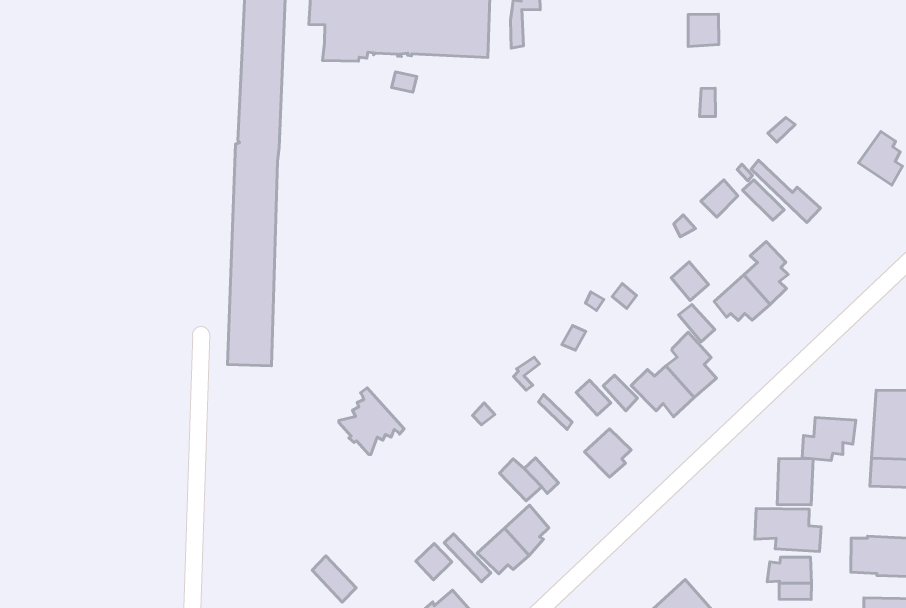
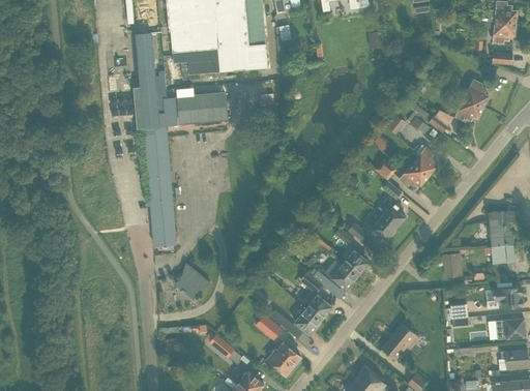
building: none -> [177,91,227,124]
building: none -> [455,97,483,121]
building: [339,388,404,455] -> [175,264,209,298]
building: [802,417,856,461] -> none
building: none -> [324,258,357,288]
building: [755,509,821,551] -> none

